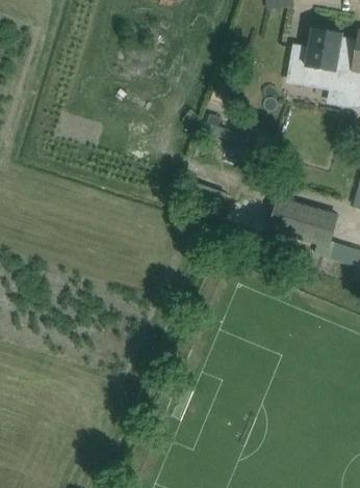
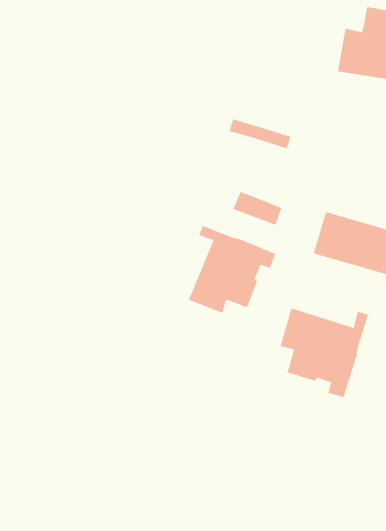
building: none -> [188,225,276,313]
building: none -> [280,308,368,398]

